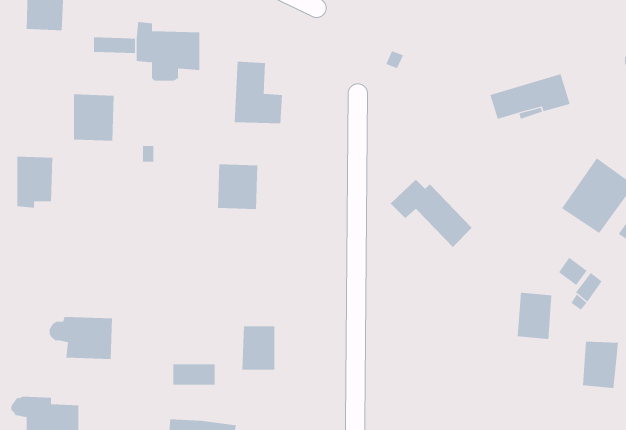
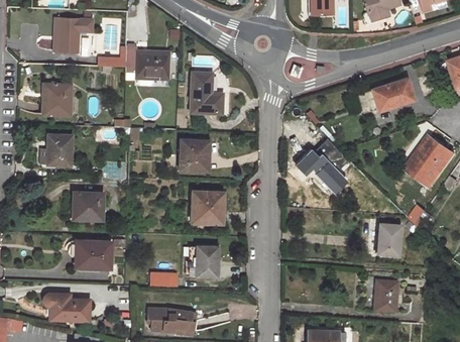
building: [73,94,115,141] -> [43,84,71,115]
building: none -> [192,191,223,222]
building: none -> [73,192,104,220]
building: [582,341,619,388] -> [374,279,398,311]

